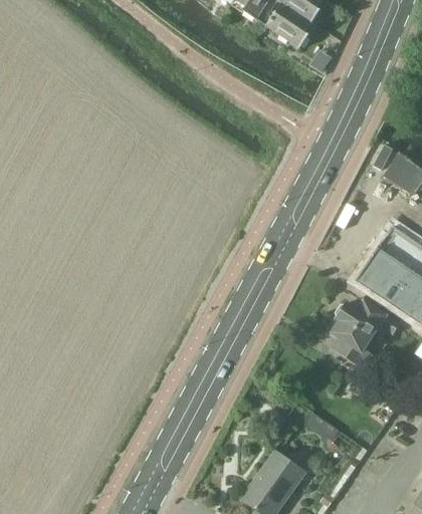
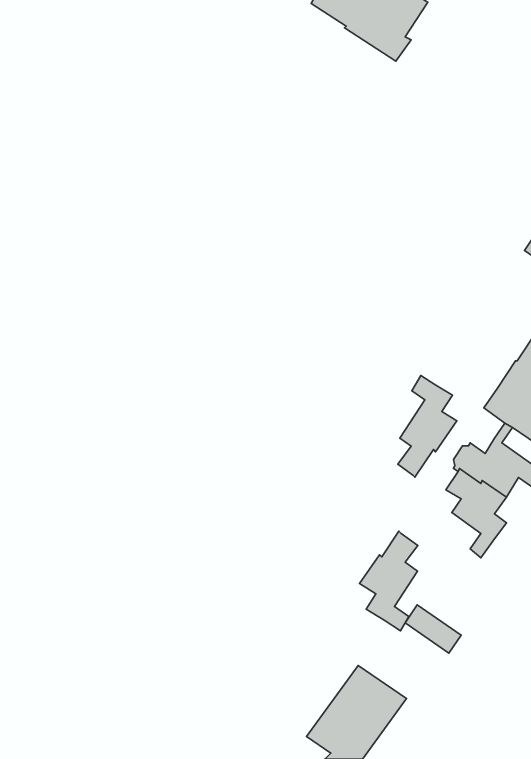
building: none -> [398,376,457,477]
building: none -> [360,531,418,631]

